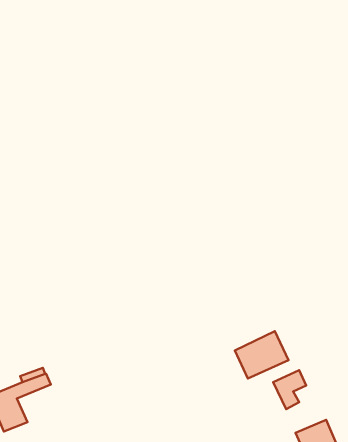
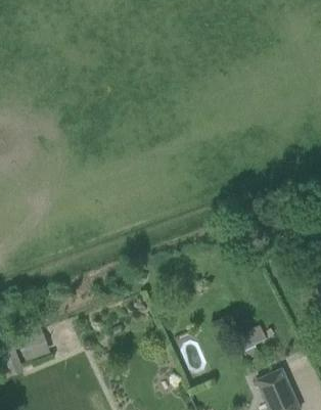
building: [235,331,289,379] -> none

